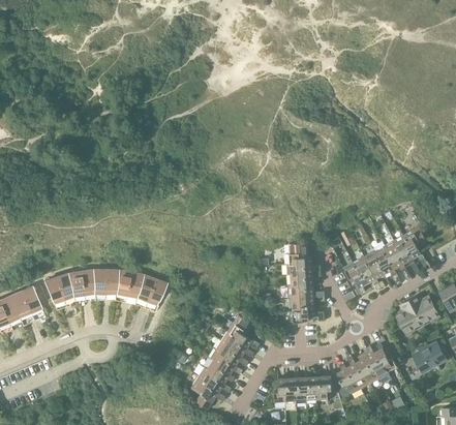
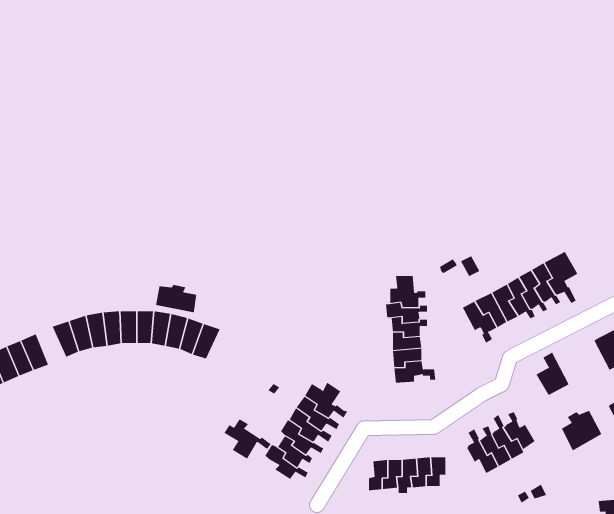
building: none -> [156,284,197,313]
building: [408,296,437,324] -> none
building: [335,364,360,398] -> none
building: [190,378,225,408] -> [223,419,272,460]

